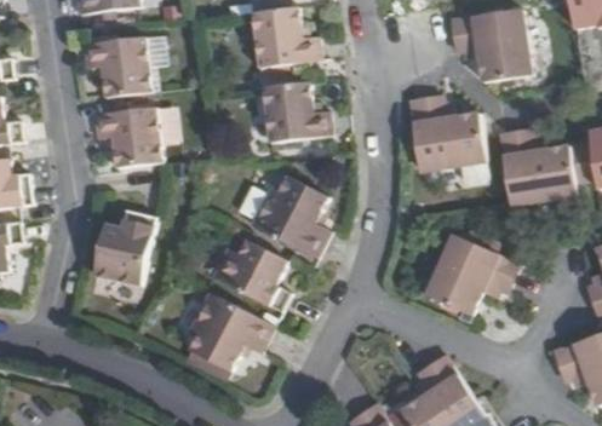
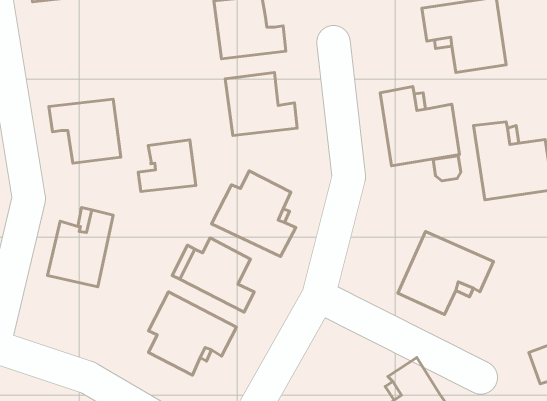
building: [81,36,149,98] -> none
building: none -> [138,140,196,192]

